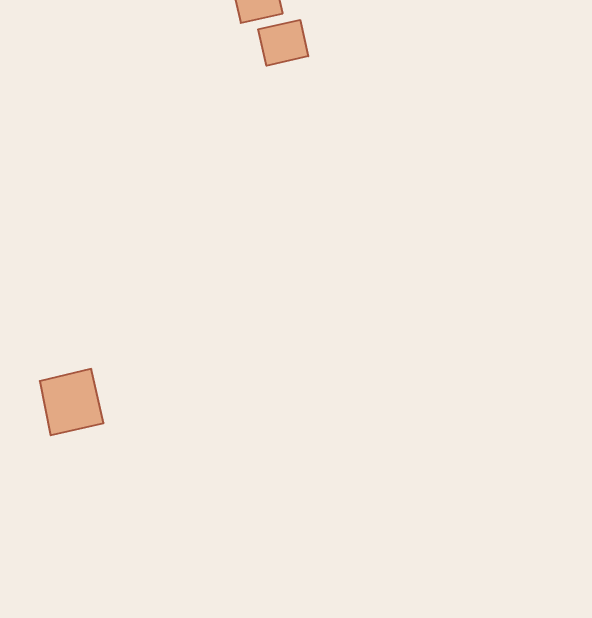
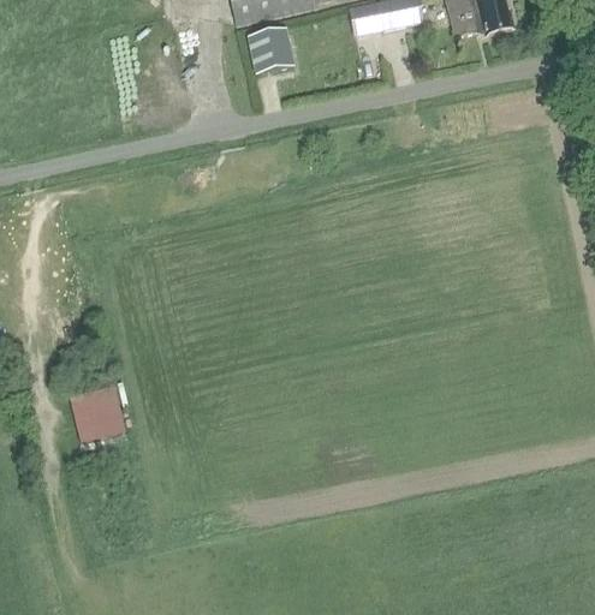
building: [258,20,308,66] -> none

